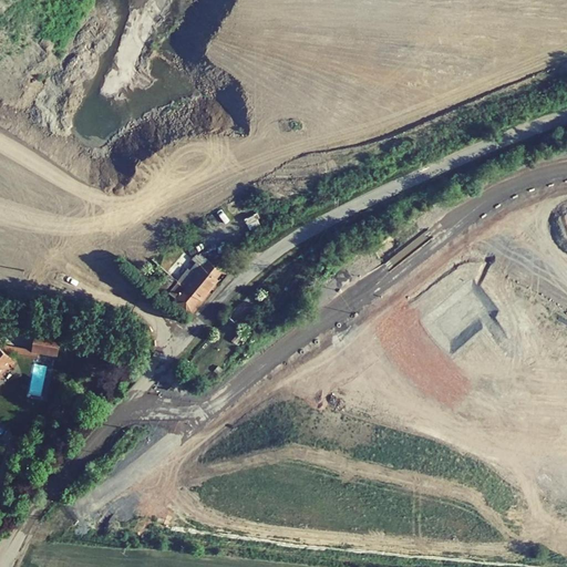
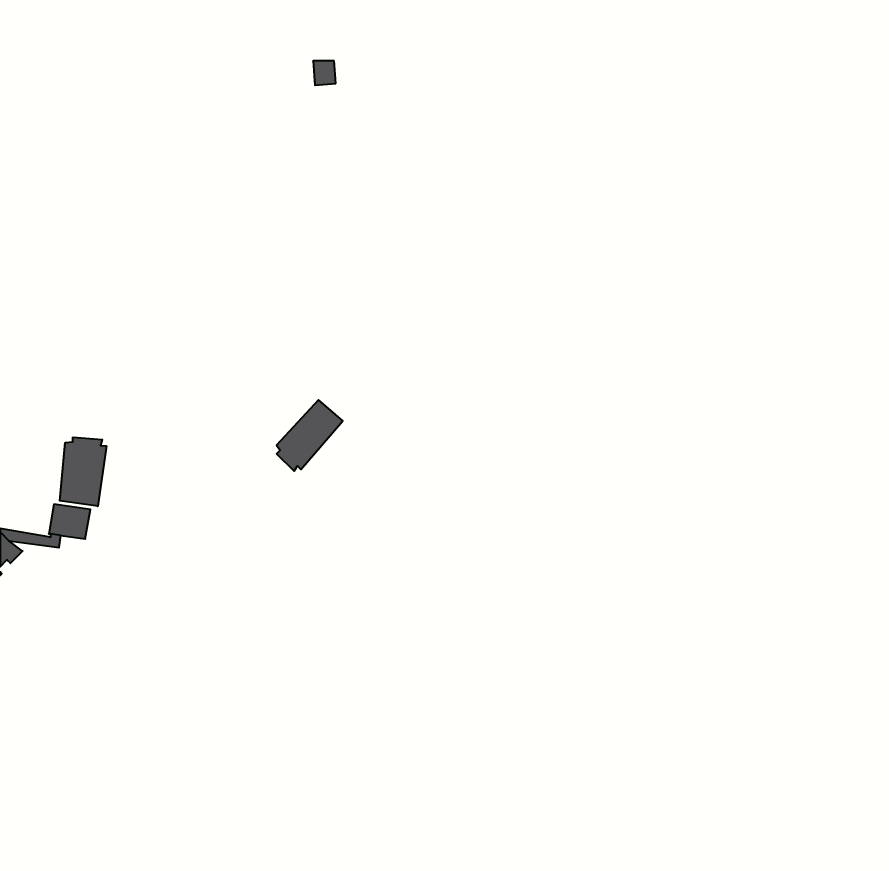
building: none -> [60,437,106,506]

